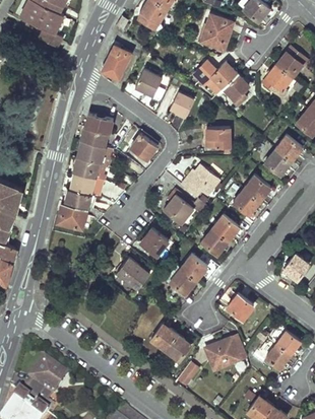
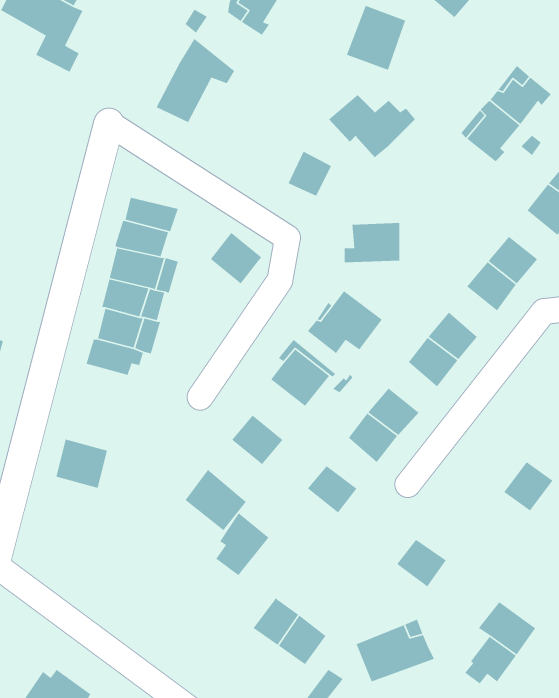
building: [134,69,163,97] -> none
building: [223,74,247,108] -> none
building: [60,202,87,228] -> [56,438,108,489]
building: [169,267,197,300] -> [215,512,270,576]

